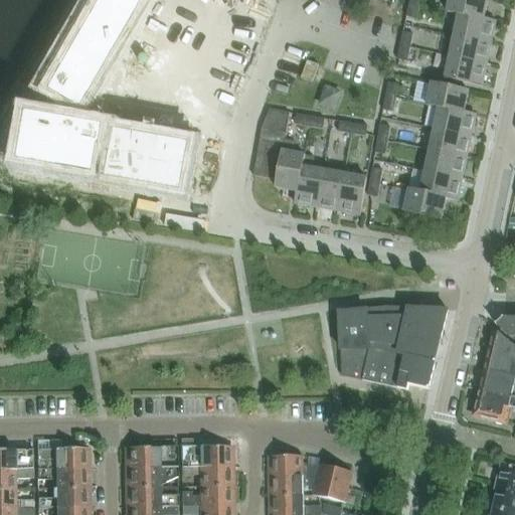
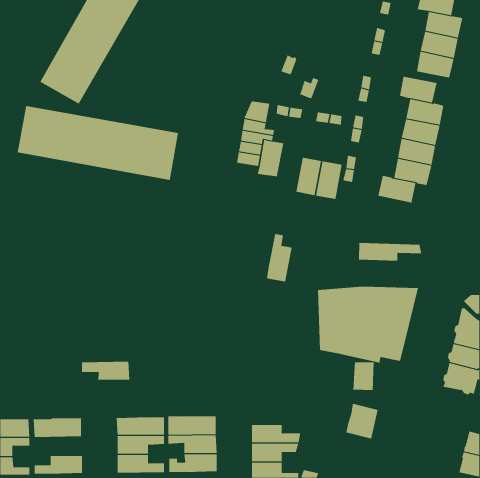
building: [295,153,323,205] -> [266,233,292,282]
building: none -> [358,242,422,262]
building: none -> [353,362,374,391]
building: [315,463,350,501] -> [346,403,379,439]
building: [36,467,89,487] -> [81,361,130,380]

